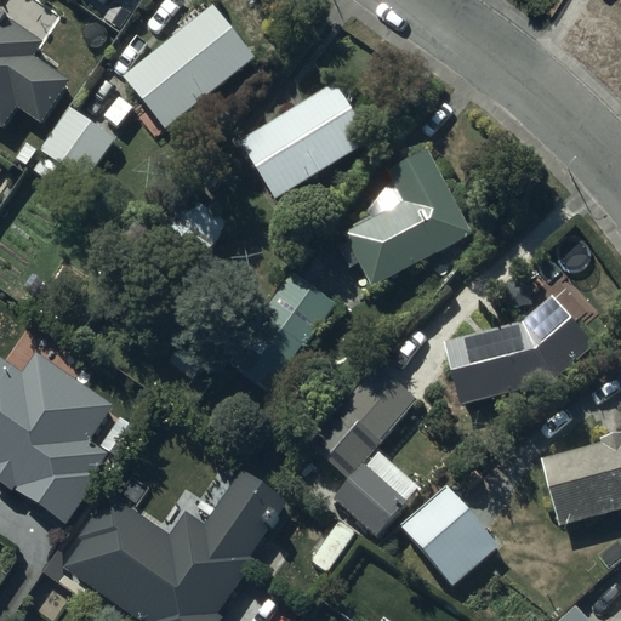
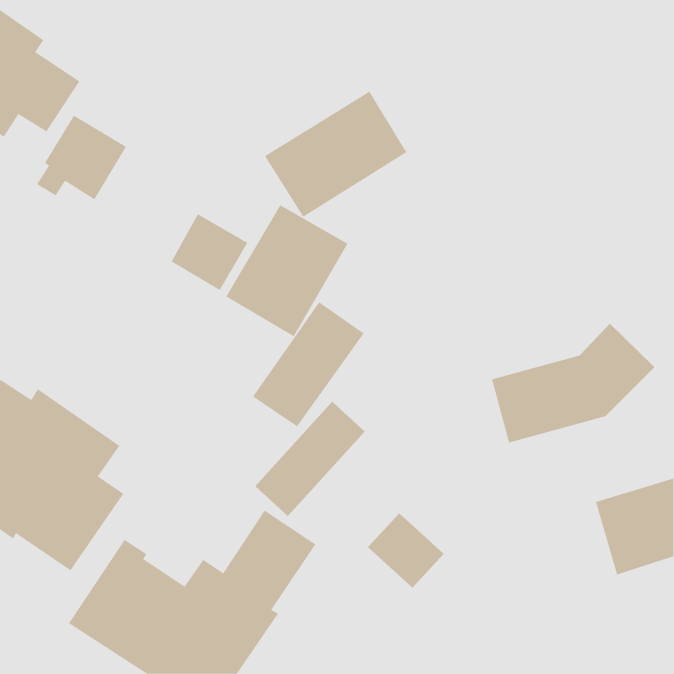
building: [124,5,260,133] -> none
building: [338,148,473,286] -> none
building: none -> [226,205,348,337]
building: [314,369,415,474] -> [255,401,365,517]
building: [401,485,497,583] -> none

